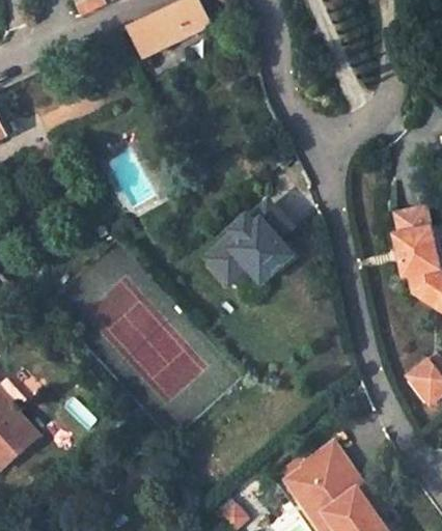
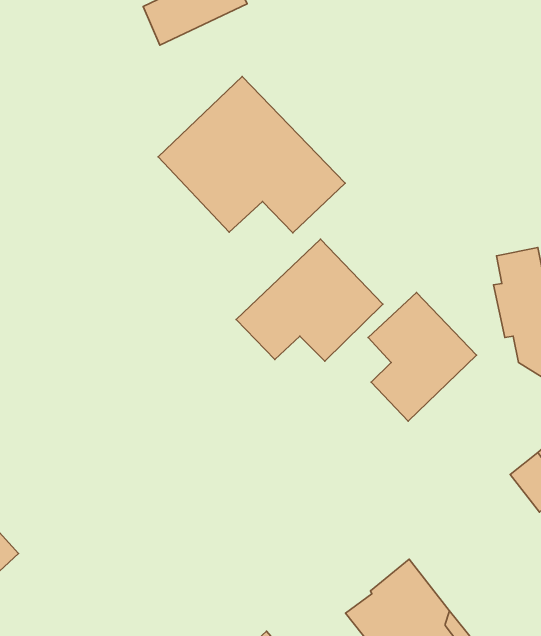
building: none -> [158,76,345,233]
building: none -> [368,292,477,421]

